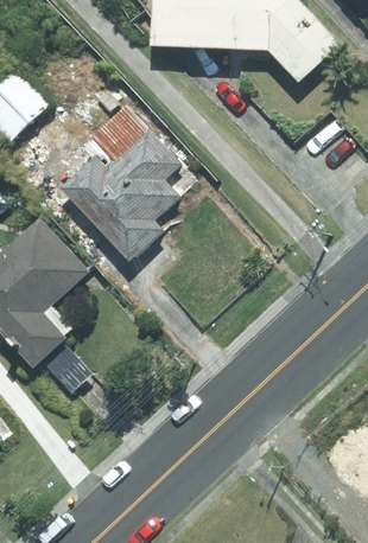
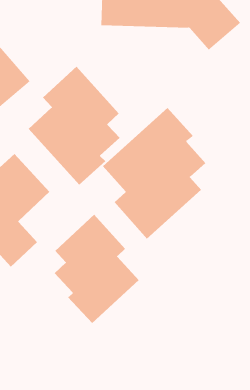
building: none -> [102,107,206,240]
building: none -> [54,214,139,324]

